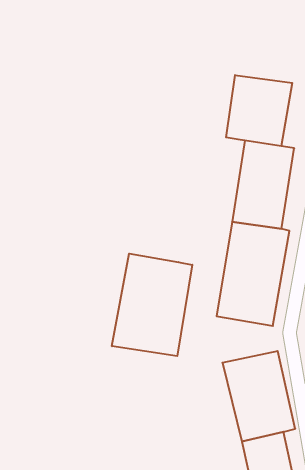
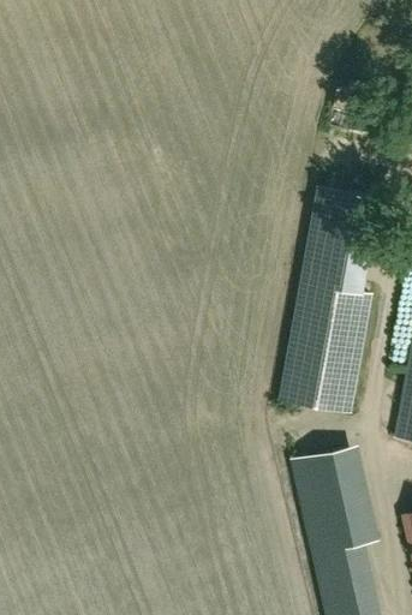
building: [226,75,292,146] -> none
building: [112,254,192,356] -> none

